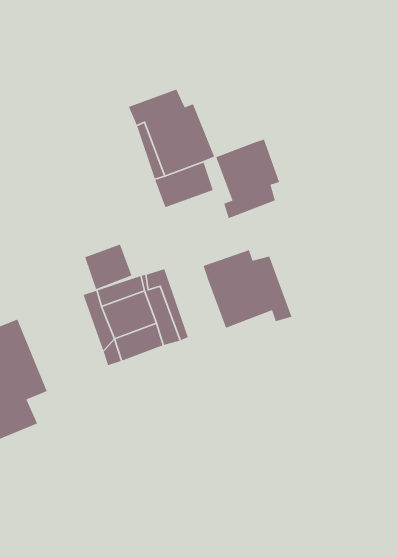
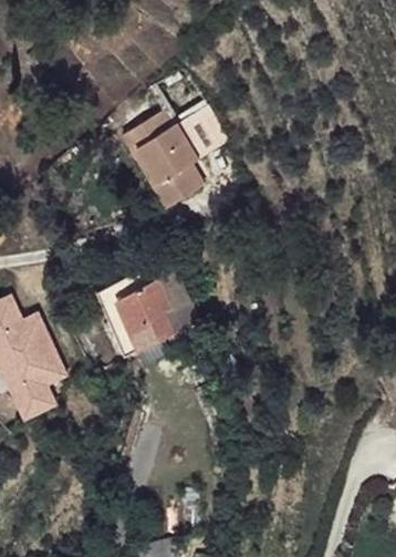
building: [215,138,280,219] -> none
building: [84,243,133,290] -> none
building: [203,249,292,329] -> none

